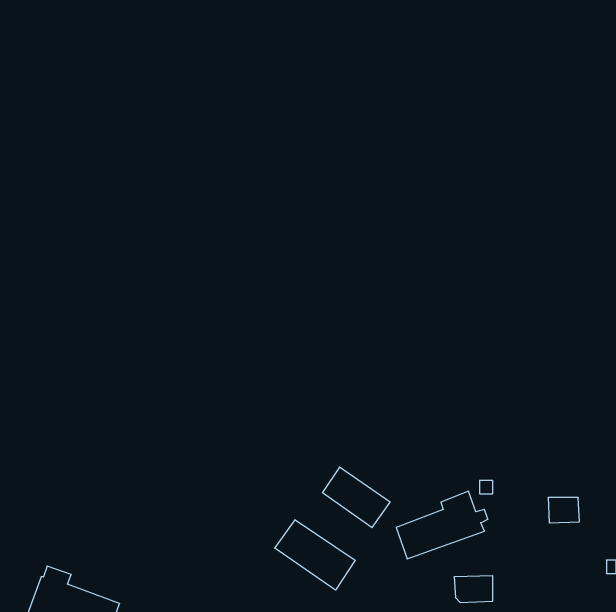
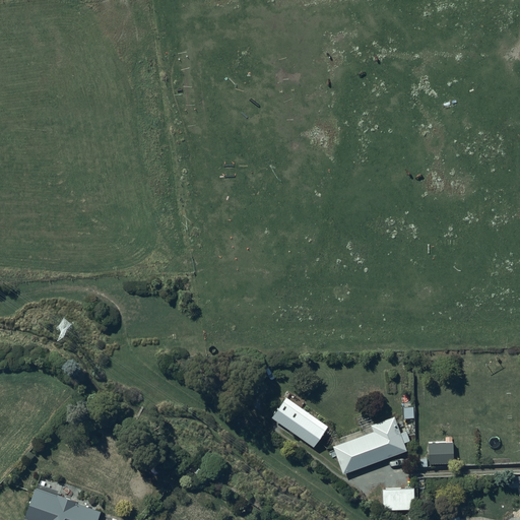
building: [548,498,579,523] -> [428,444,454,465]
building: [275,520,355,590] -> none

